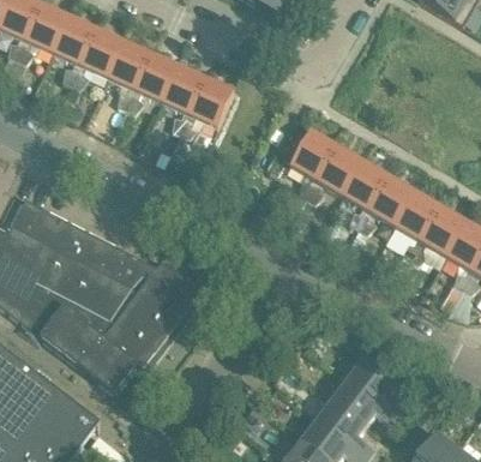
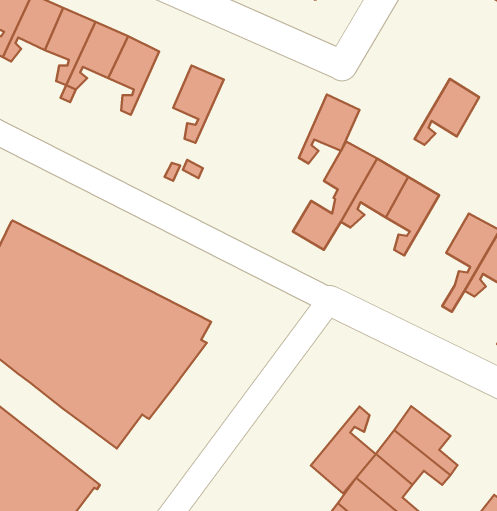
building: [126,53,178,110] -> none
building: [181,77,233,136] -> [299,95,359,163]
building: [359,175,414,232] -> [415,79,479,145]
building: none -> [311,407,376,494]

